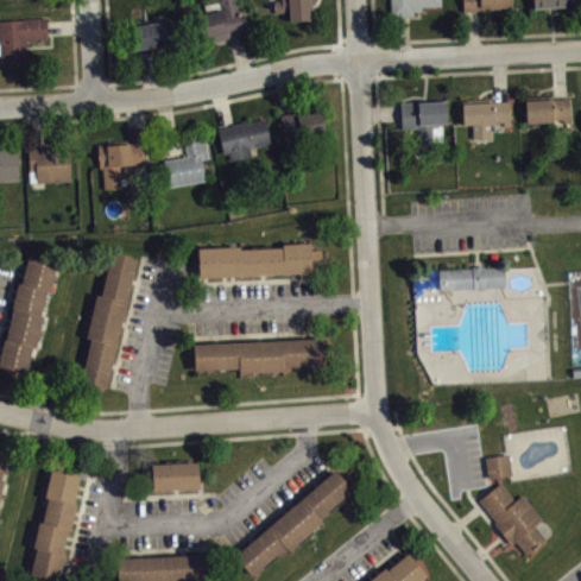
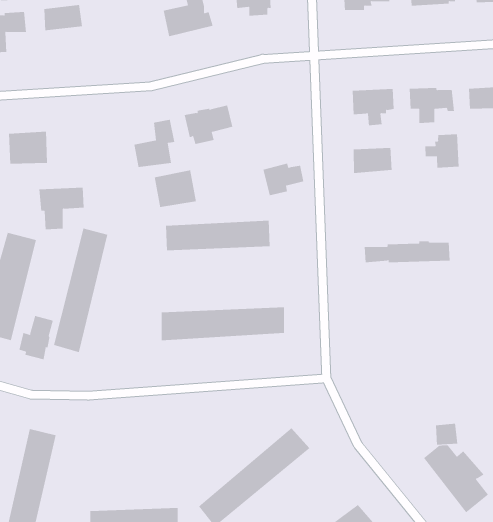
building: [133,23,176,51] -> [43,4,83,31]
building: [280,110,326,146] -> [263,163,304,196]
building: [97,144,147,190] -> [38,187,84,230]
building: none -> [425,134,459,168]
building: none -> [353,147,392,174]
building: none -> [154,170,196,208]
building: none -> [19,315,53,360]
building: [151,462,200,492] -> none

